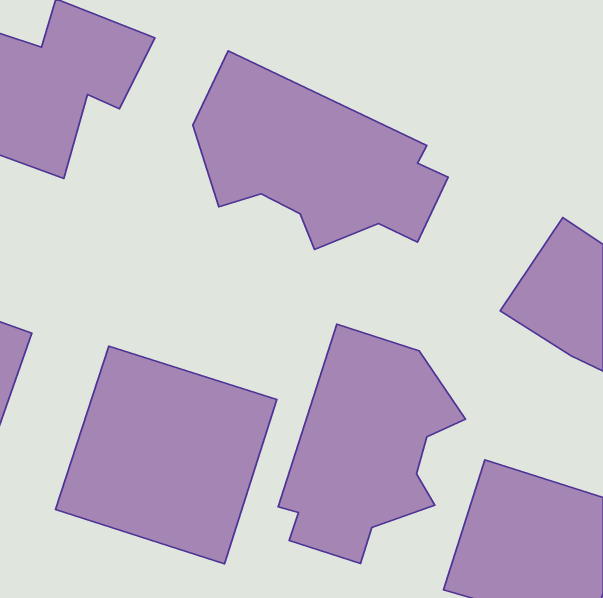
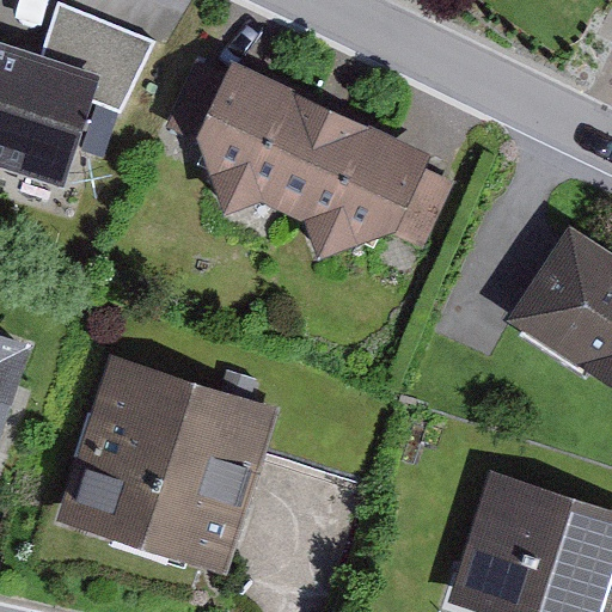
building: [278,324,466,564] -> none

